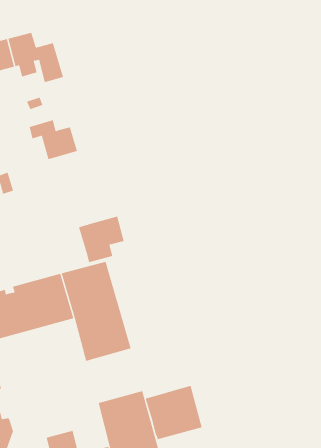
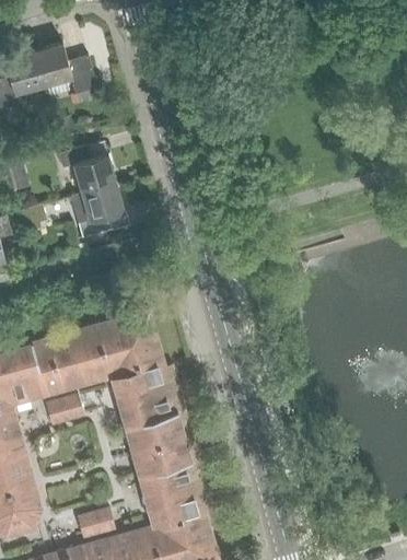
building: [78,216,124,263] -> [69,183,123,237]
building: none -> [47,394,83,424]
building: [145,385,202,440] -> [124,412,190,476]

